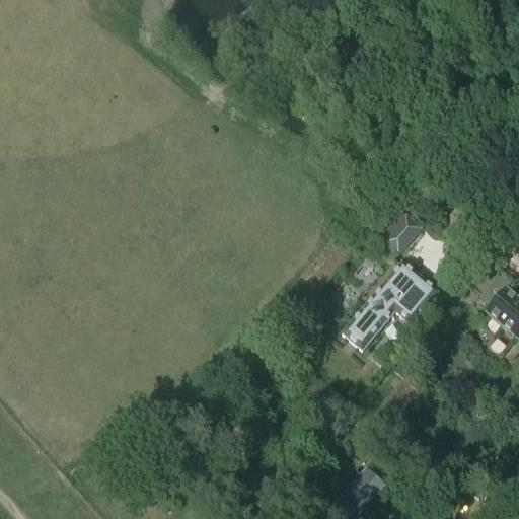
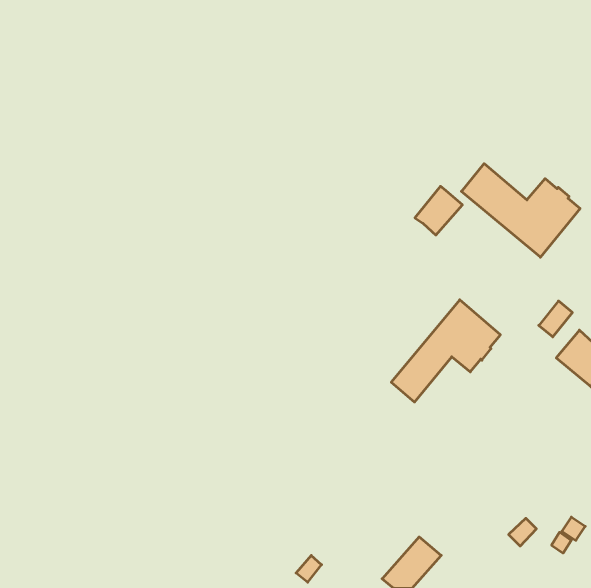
building: none -> [461,164,580,257]
building: [381,211,423,253] -> [415,186,462,235]

